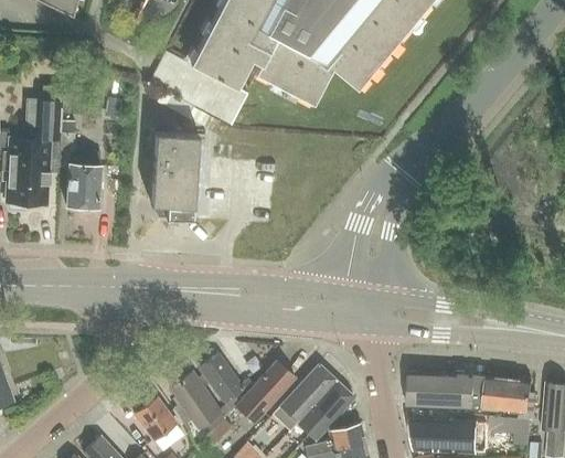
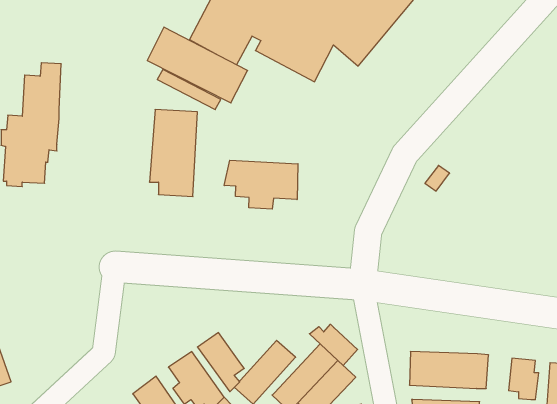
building: [60,132,104,212] -> none
building: none -> [224,160,298,209]
building: none -> [309,324,358,365]
building: [484,375,510,411] -> none

